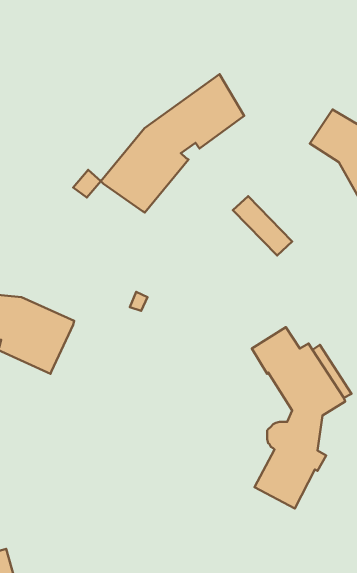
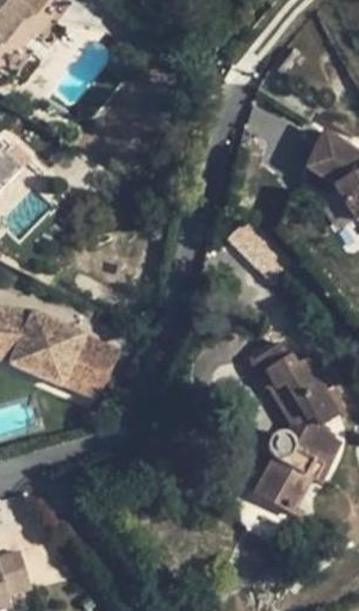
building: [101,74,244,213] -> none
building: none -> [62,339,114,399]

